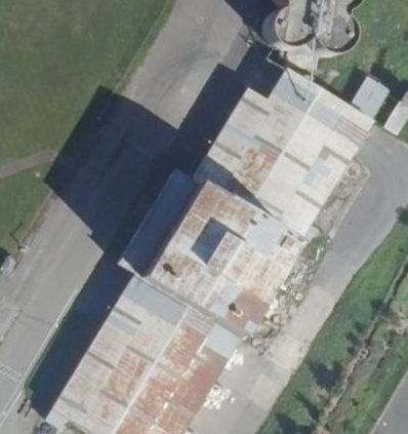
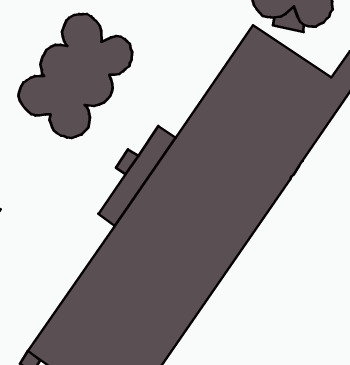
building: none -> [19,14,132,138]

